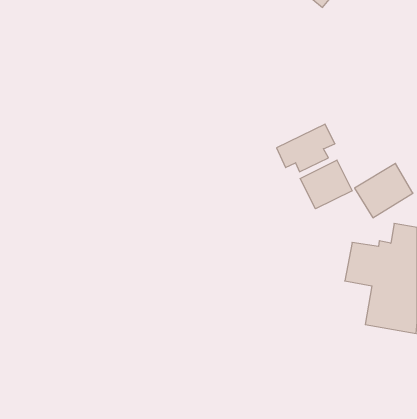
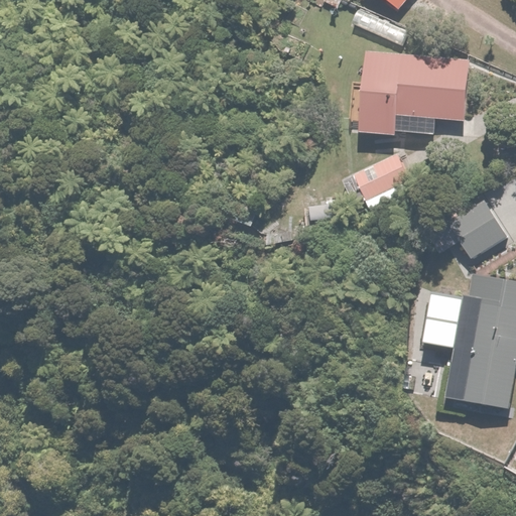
building: none -> [362,51,469,137]
building: [300,160,352,209] -> none

